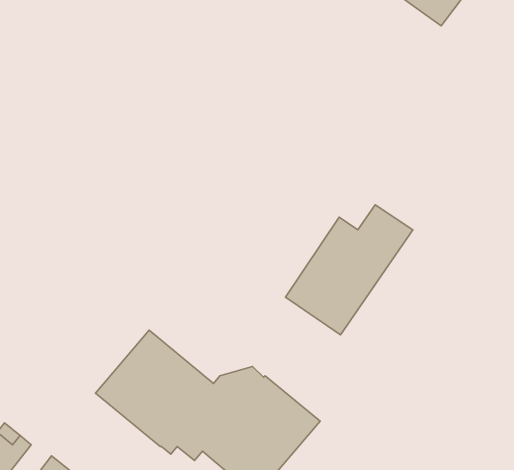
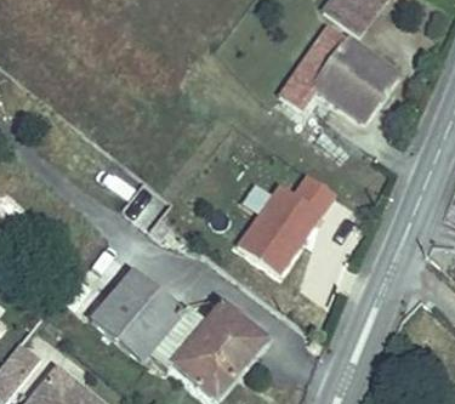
building: none -> [278,25,396,120]

